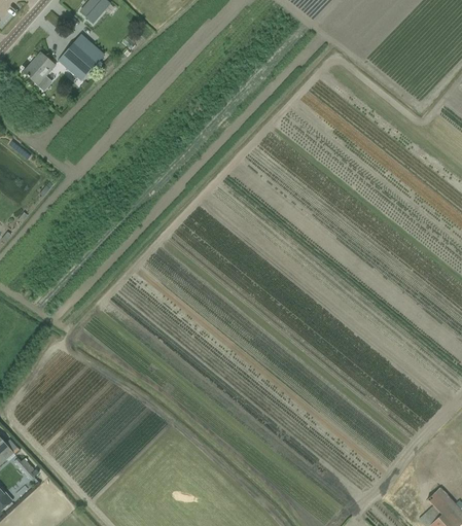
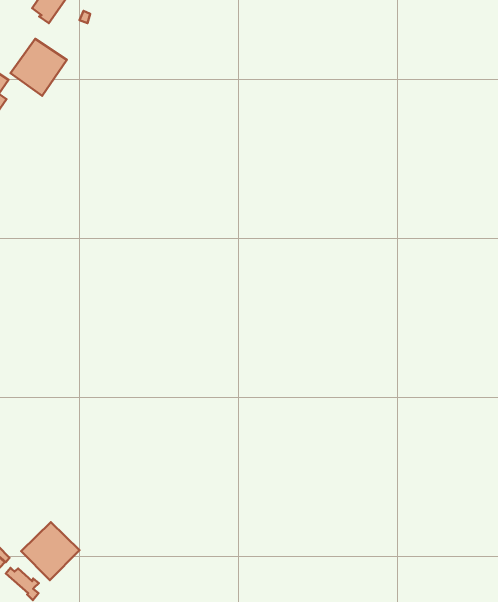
building: none -> [21,522,80,580]

